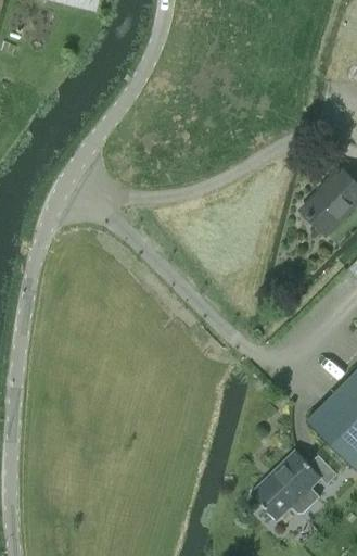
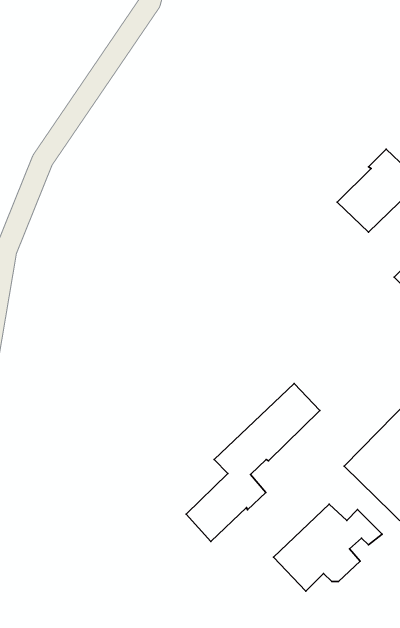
building: none -> [186,383,320,541]

